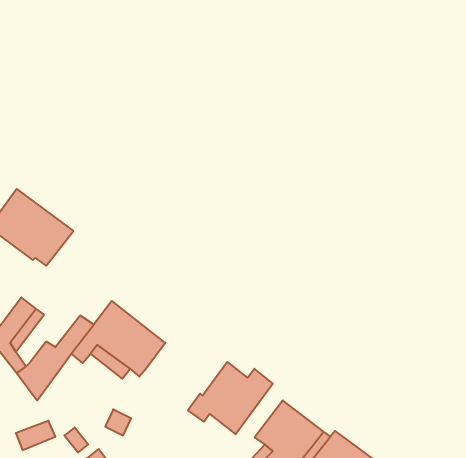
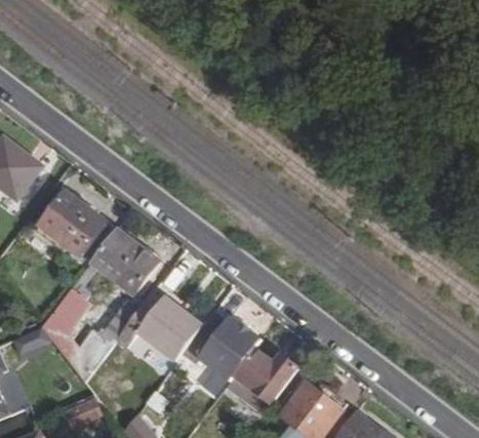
building: none -> [91,229,160,294]
building: none -> [184,311,262,381]

